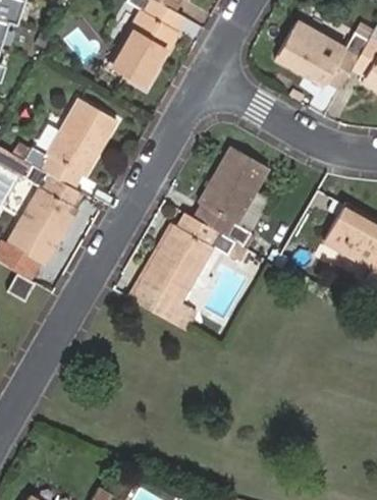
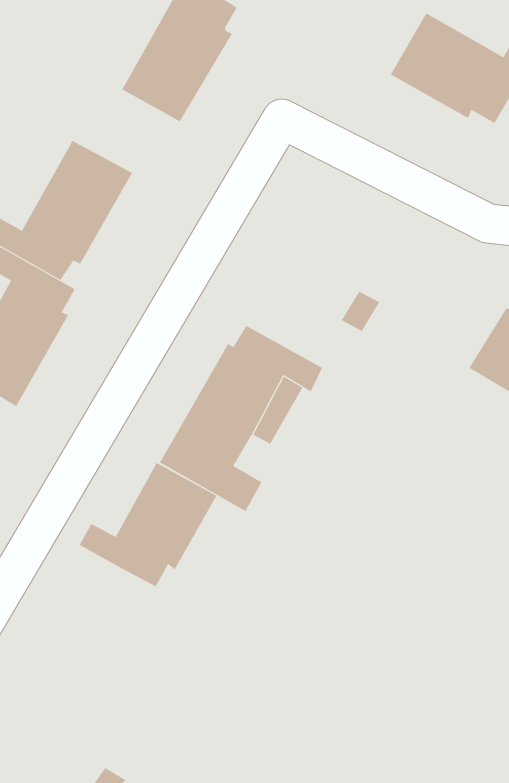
building: [196,146,268,245] -> none
building: none -> [79,462,217,587]

